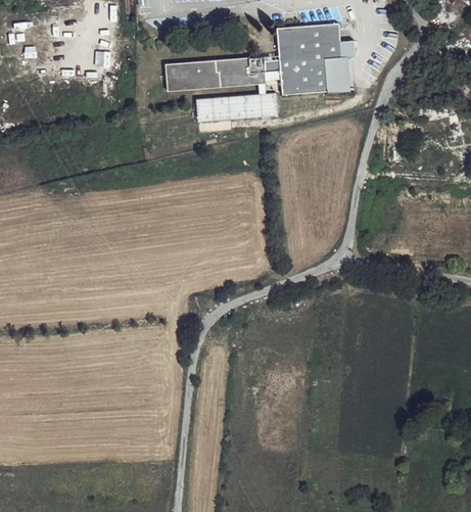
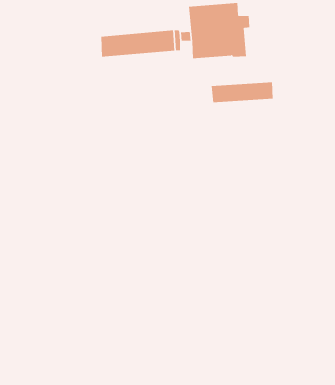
building: [195,92,275,119] -> [211,82,274,103]

